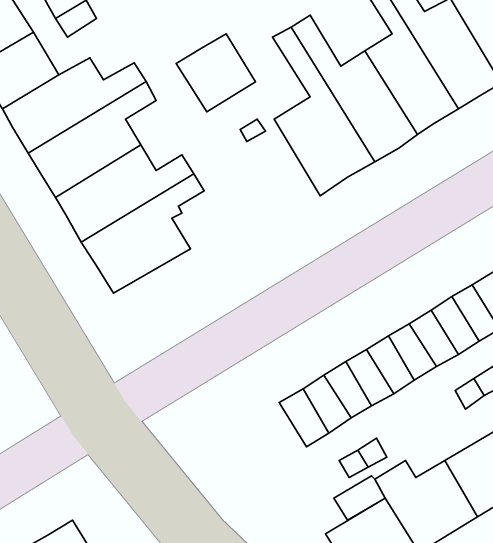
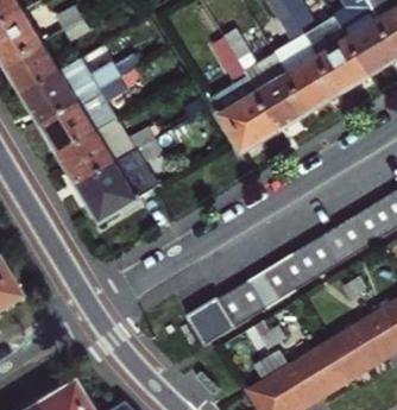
building: [176,34,255,112] -> none
building: none -> [184,296,235,347]

